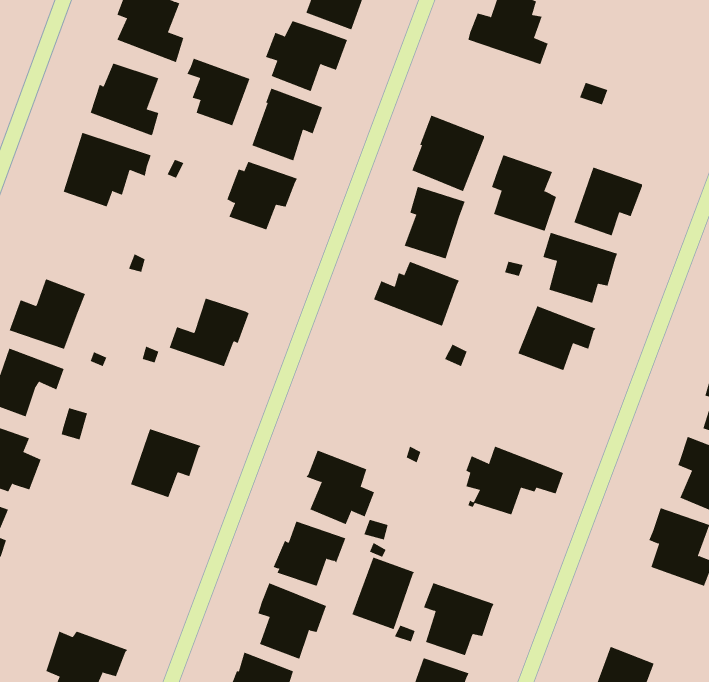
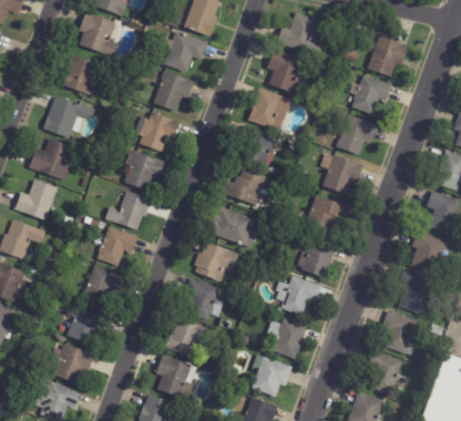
building: none -> [368,35,409,78]
building: [186,58,250,126] -> none
building: none -> [352,74,392,114]
building: [491,154,557,231] -> [268,50,306,94]
building: none -> [29,138,74,181]
building: none -> [124,151,166,191]
building: none -> [207,206,258,248]
building: none -> [98,227,137,267]
building: none -> [298,238,336,278]
building: none -> [195,243,239,283]
building: none -> [62,305,109,346]
building: [352,557,415,630] -> [272,318,308,360]
building: none -> [45,345,95,384]
building: none -> [368,351,402,394]

